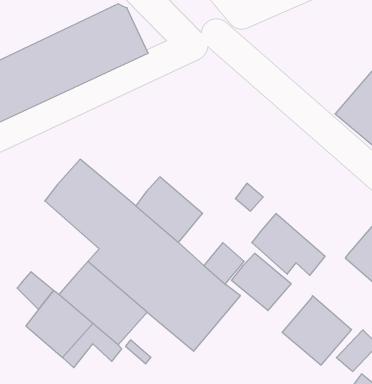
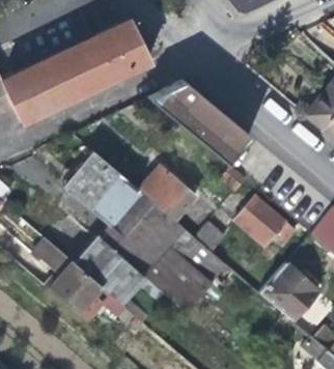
building: none -> [146,80,250,163]
building: [232,253,291,311] -> none

